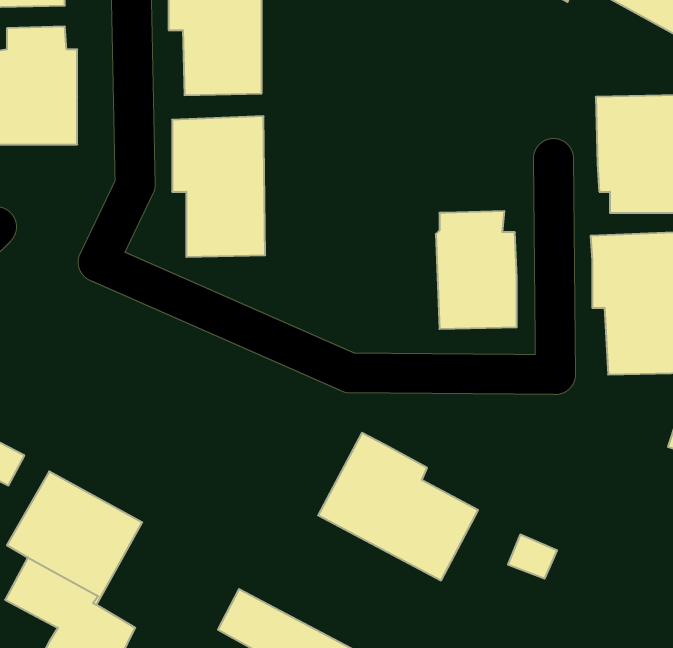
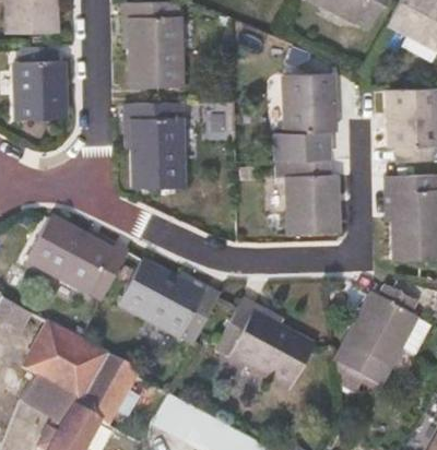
building: none -> [285,73,334,161]
building: none -> [26,215,129,299]
building: none -> [118,260,220,344]
building: none -> [344,283,416,368]
building: none -> [76,353,139,424]

